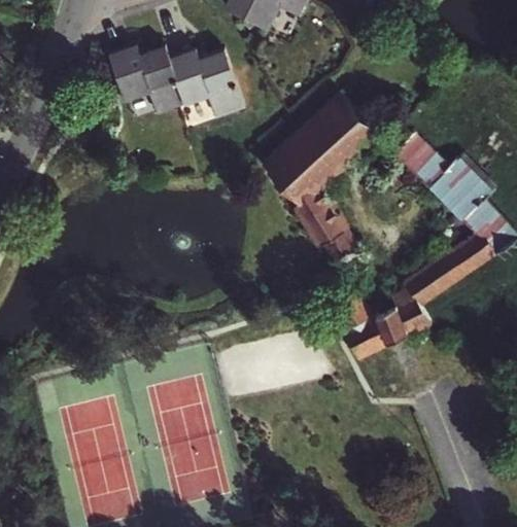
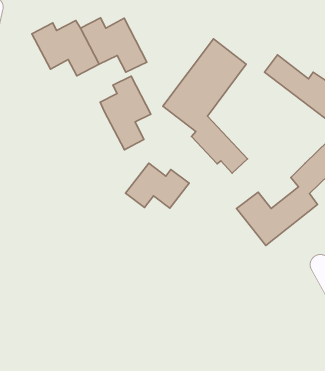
building: none -> [100,76,151,150]
building: none -> [126,163,189,208]

